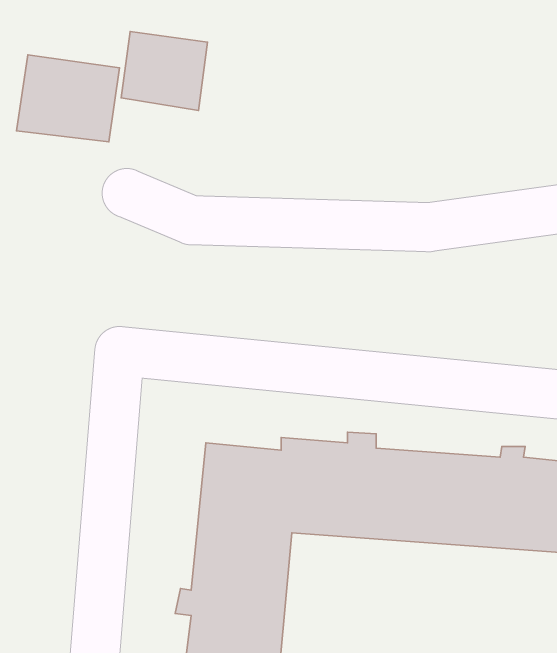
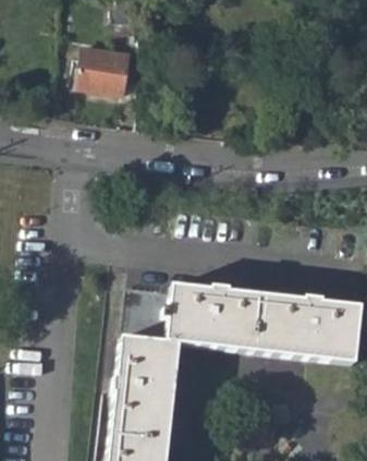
building: [16,55,119,142] -> none

